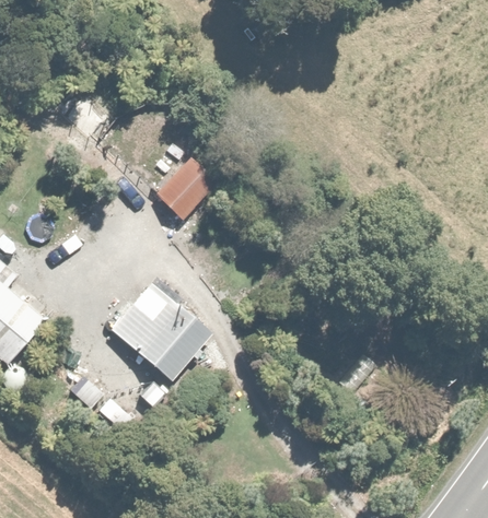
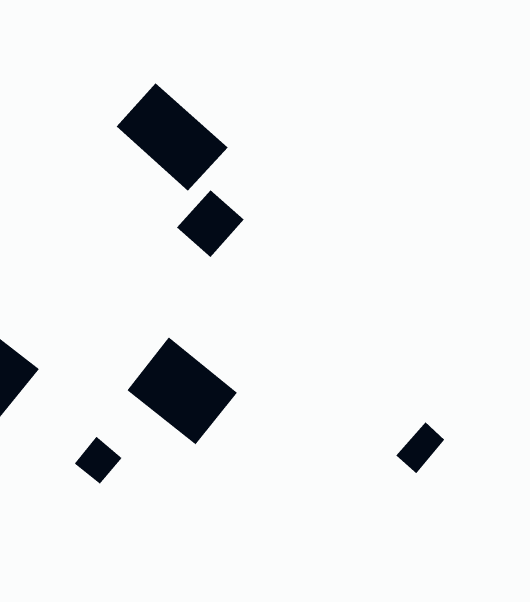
building: none -> [116,83,229,192]

